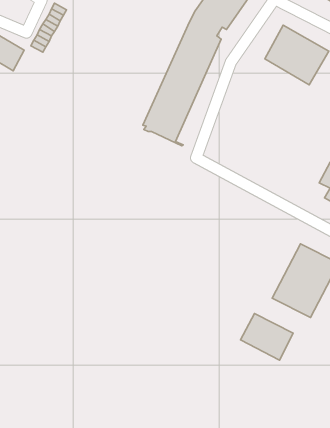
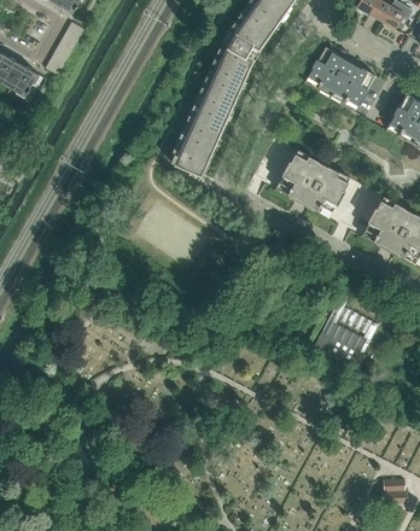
building: none -> [278,153,343,212]
building: [240,314,293,360] -> none

